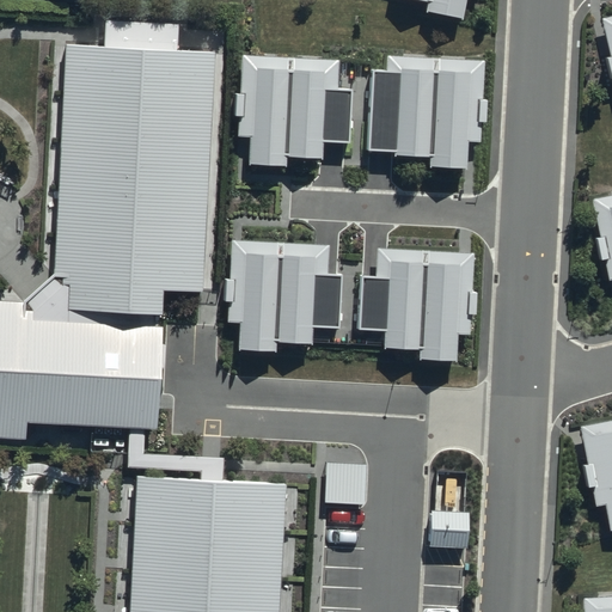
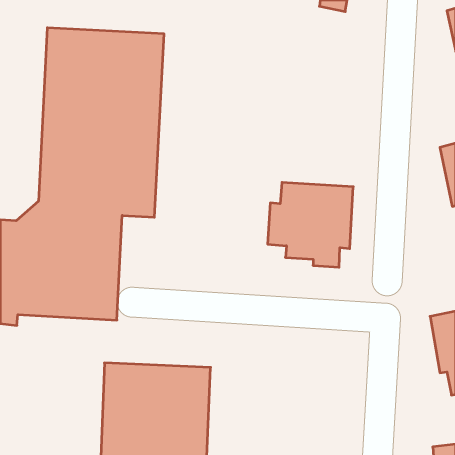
building: [367,56,483,170] -> none
building: [237,57,349,167] -> none
building: [226,243,338,353] -> none

